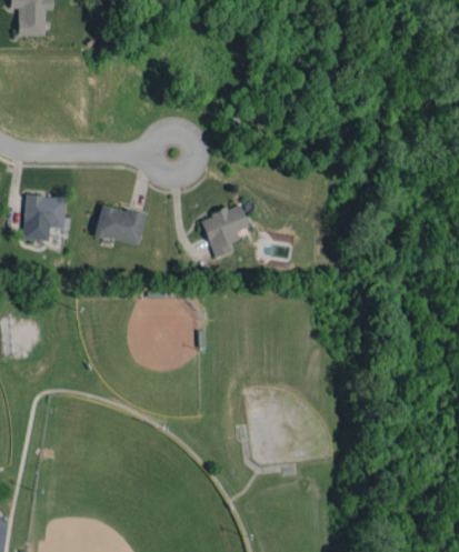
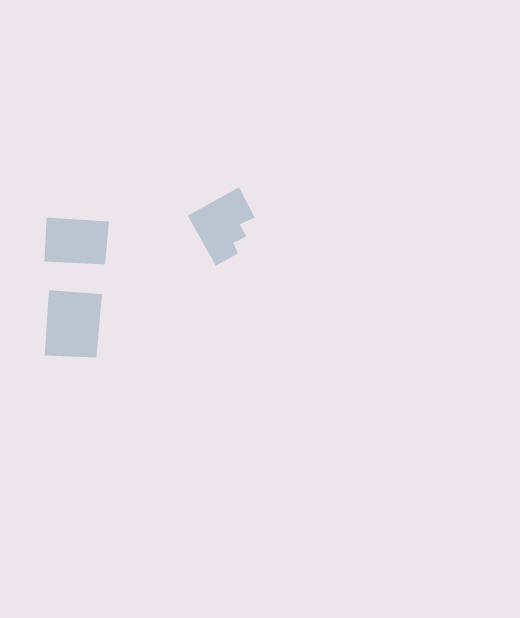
building: none -> [44,290,102,358]

